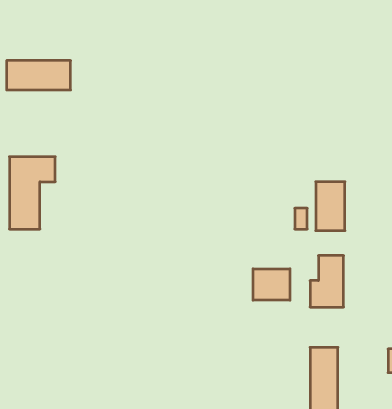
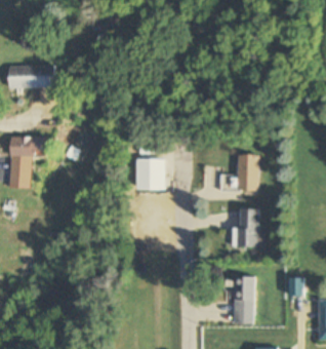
building: none -> [138,158,165,189]
building: [253,269,290,300] -> none

